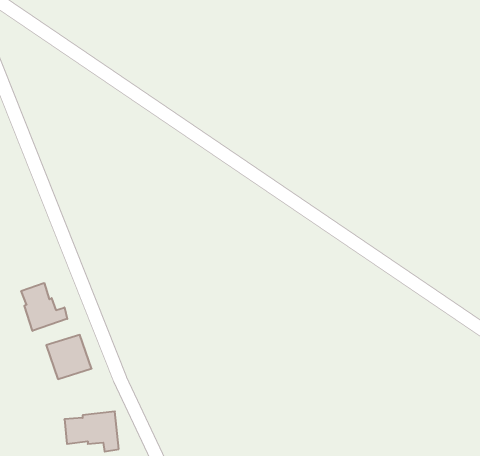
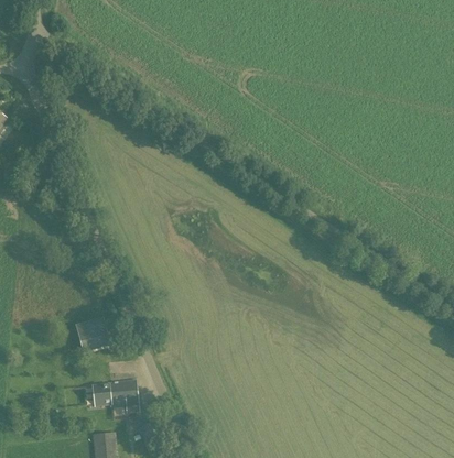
building: [21,283,67,331] -> none

